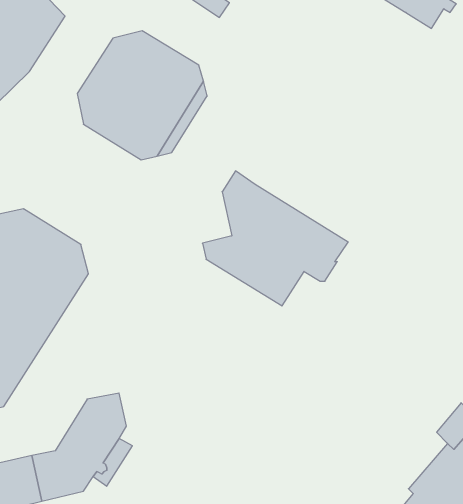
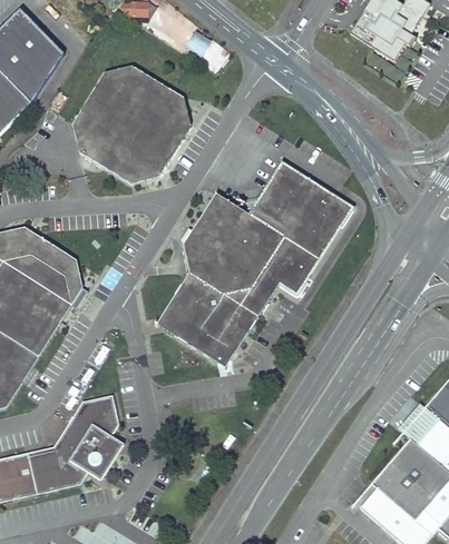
building: none -> [235,162,353,257]
building: none -> [184,211,214,258]
building: none -> [158,273,260,366]

